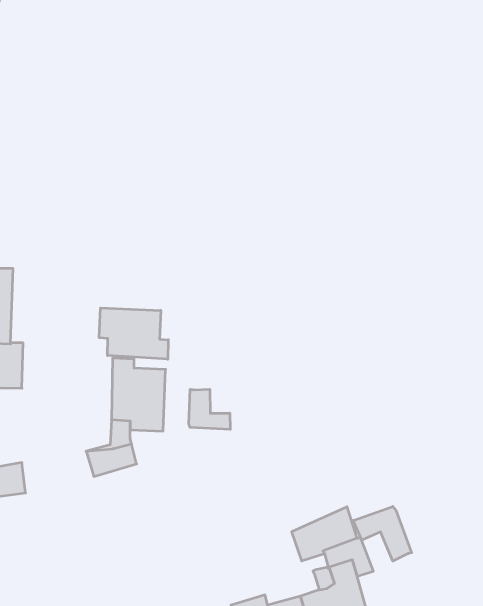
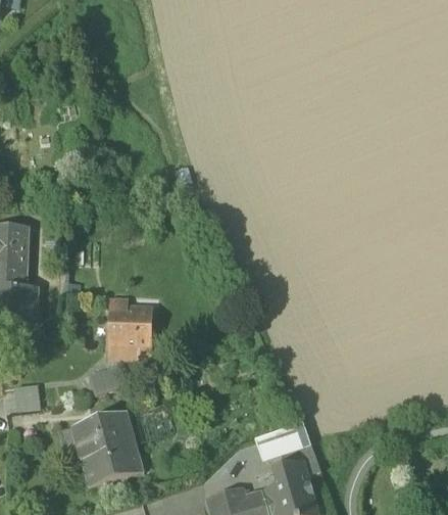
building: [99,308,168,359] -> none
building: [189,389,230,429] -> none
building: none -> [58,409,141,485]
building: [353,506,412,561] -> none

